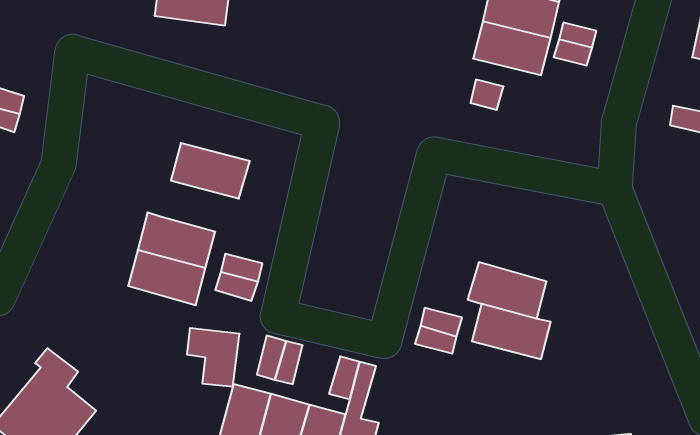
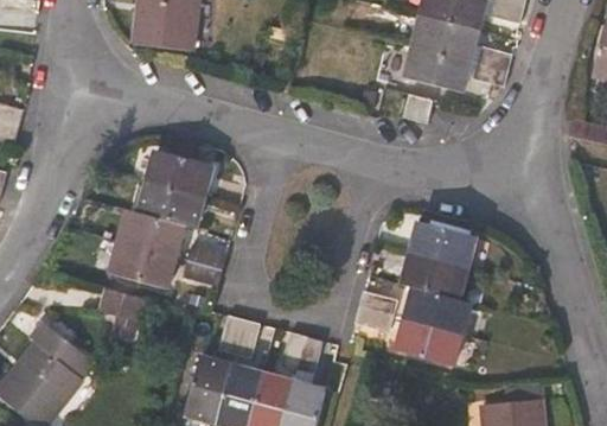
building: none -> [138,182,205,228]
building: none -> [410,221,477,268]
building: [187,328,240,386] -> [97,286,142,336]
building: none -> [397,319,464,365]

